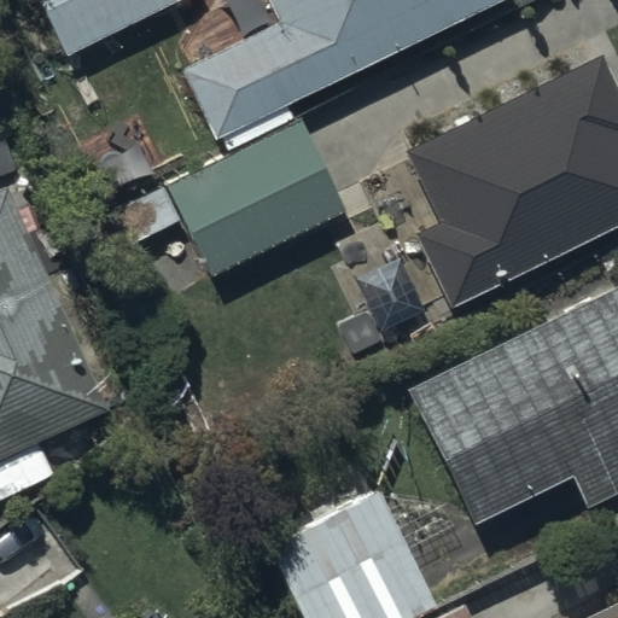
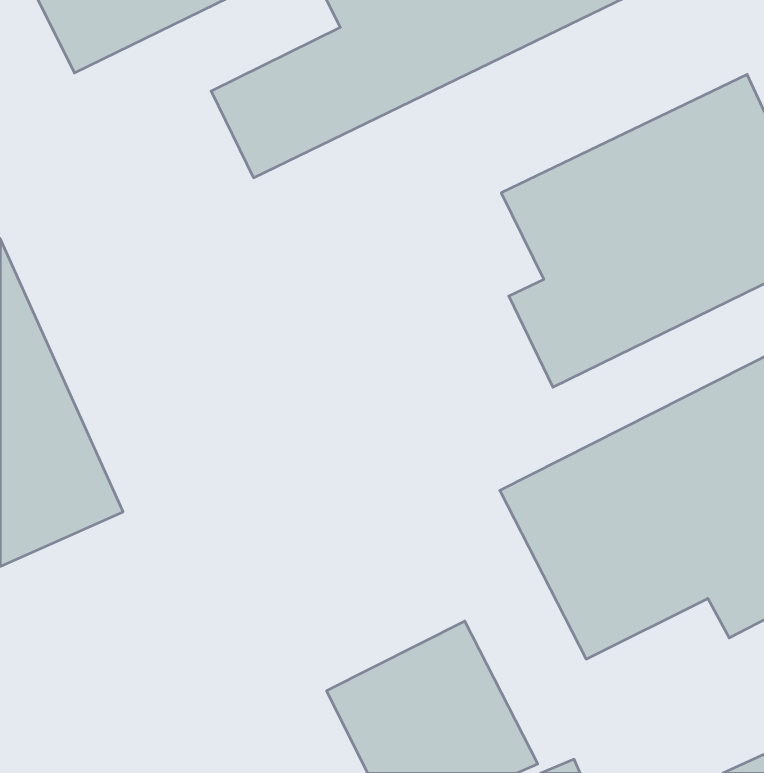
building: [106,117,348,276] -> none

